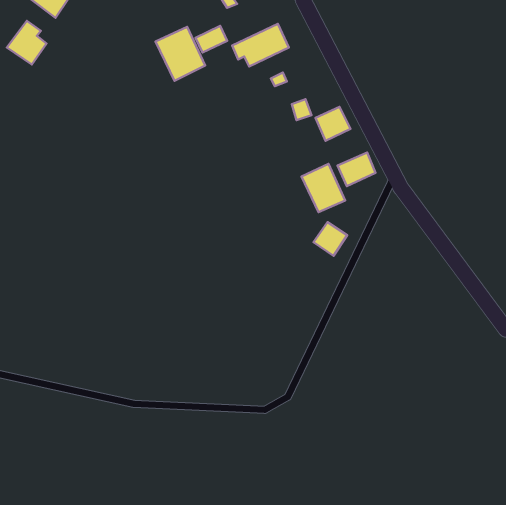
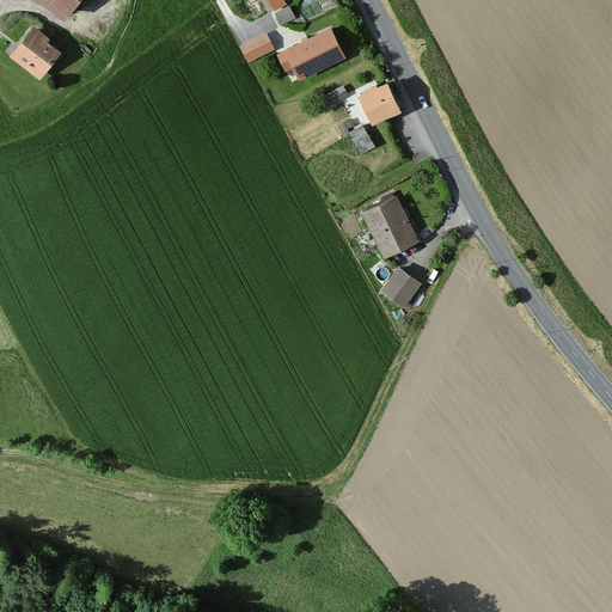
building: [156,27,205,81] -> none
building: [316,107,350,141] -> [362,85,404,126]
building: [337,152,375,186] -> none

